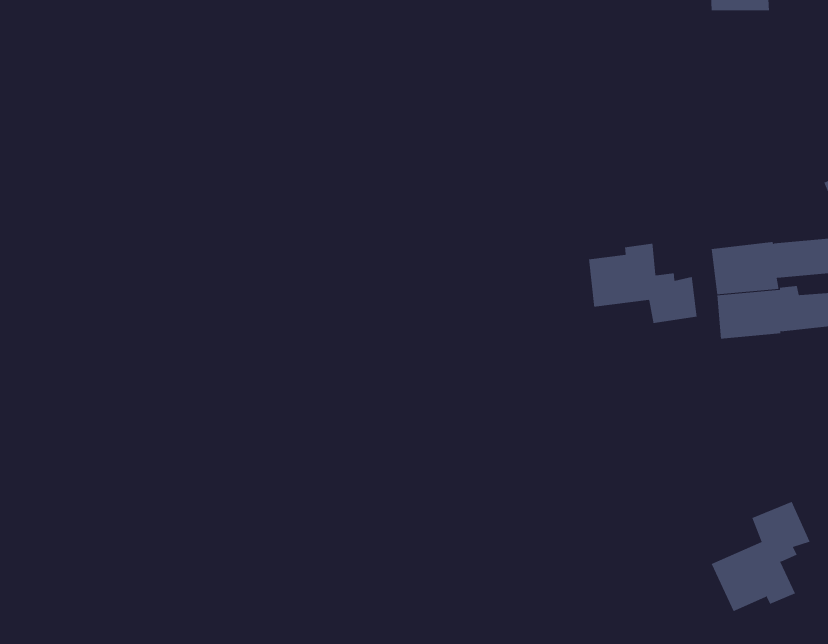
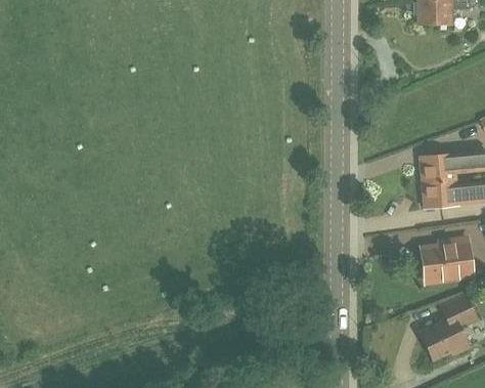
building: [588,243,697,324] -> none
building: none -> [422,239,471,282]

